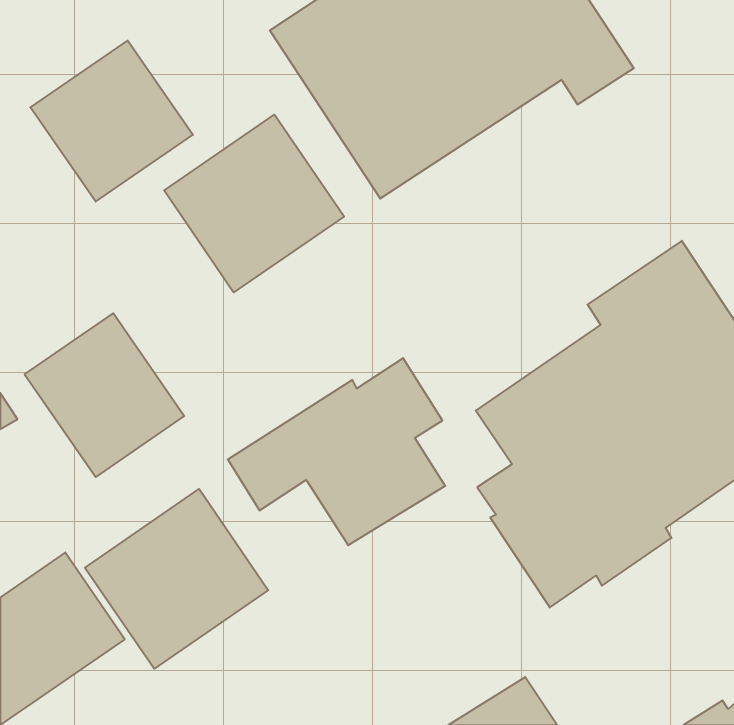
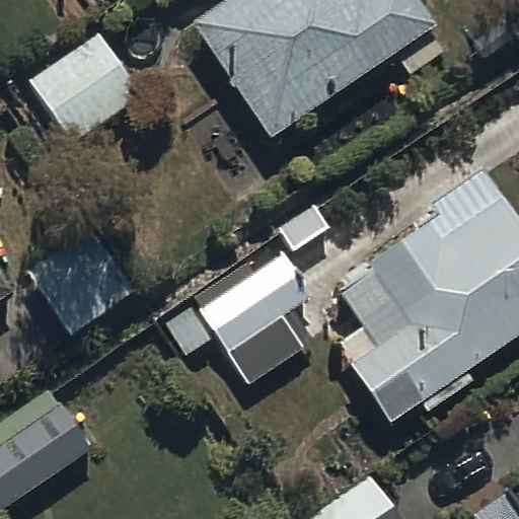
building: [164,115,344,292] -> none
building: [85,489,268,669] -> none

